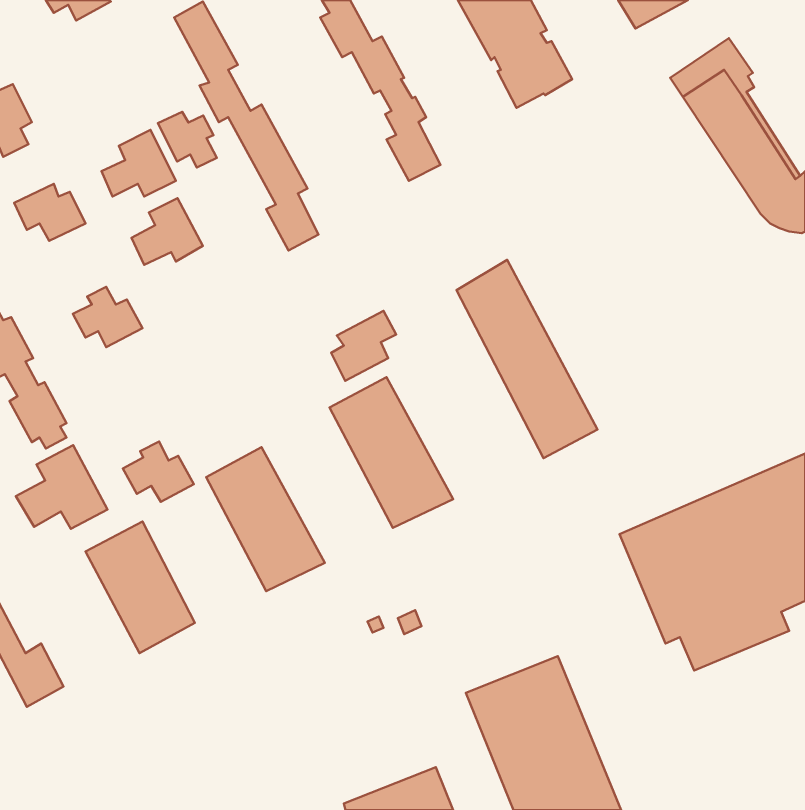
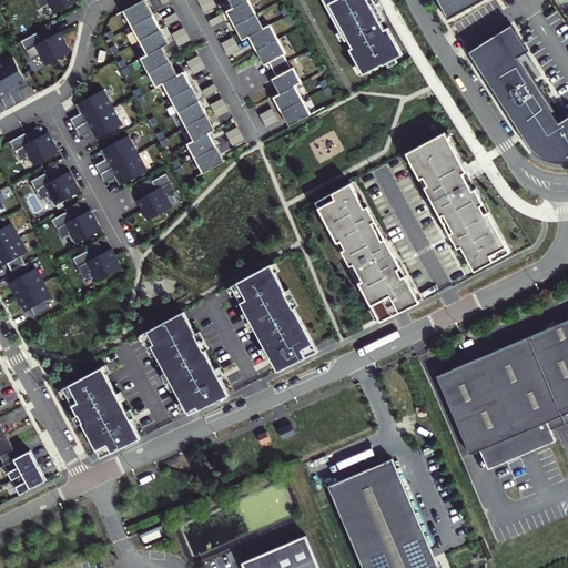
building: none -> [20,33,68,65]
building: [158,112,217,168] -> none
building: none -> [409,133,510,271]
building: none -> [30,162,79,205]
building: none -> [135,175,175,222]
building: [331,311,396,381] -> none
building: [123,441,194,502] -> [70,239,120,281]
building: [16,445,107,529] -> none

